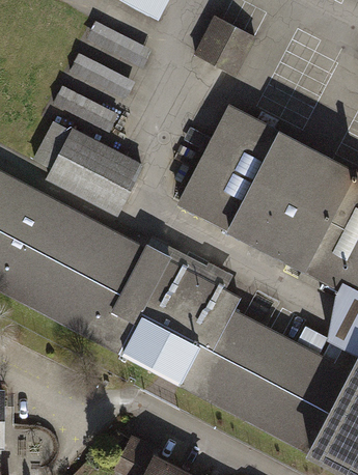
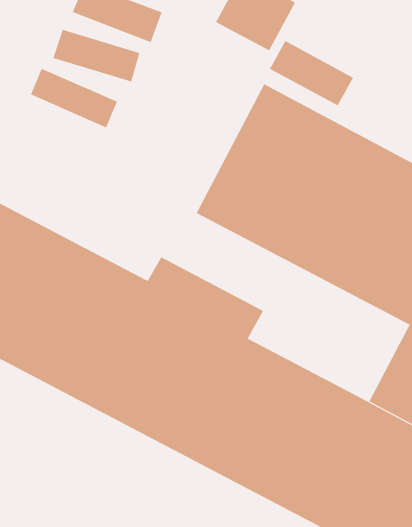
building: none -> [269,40,354,106]
building: [37,122,142,218] -> none

